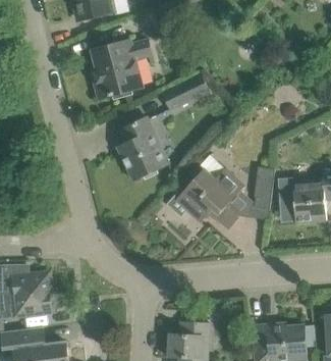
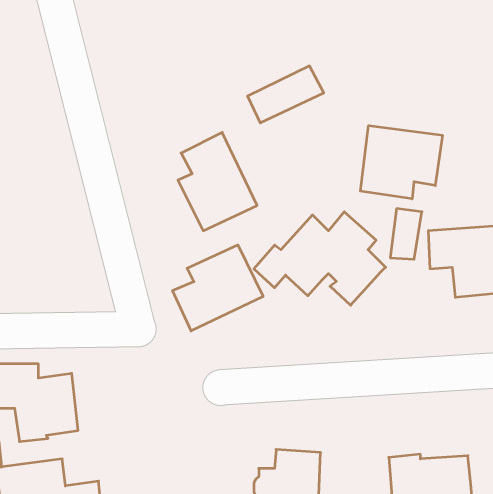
building: [92,38,153,98] -> none
building: none -> [360,126,442,199]
building: none -> [173,245,263,331]

